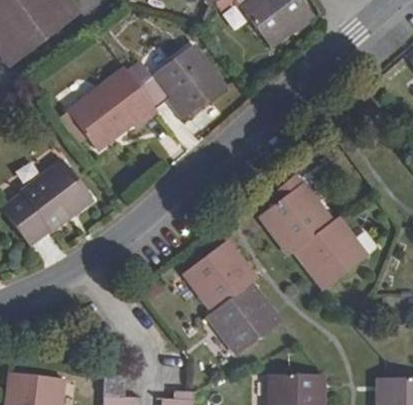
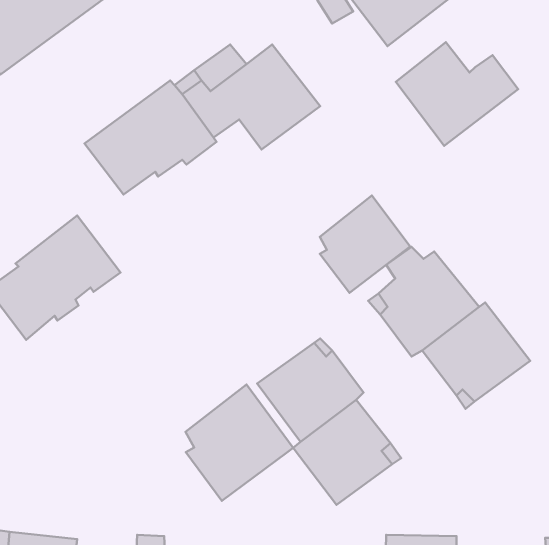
building: none -> [396,42,518,146]
building: none -> [320,195,410,293]
building: none -> [186,385,293,501]

